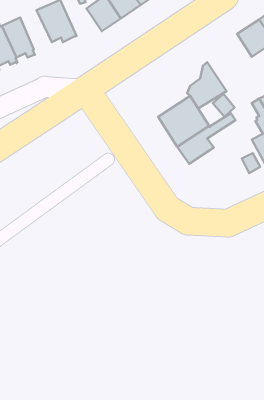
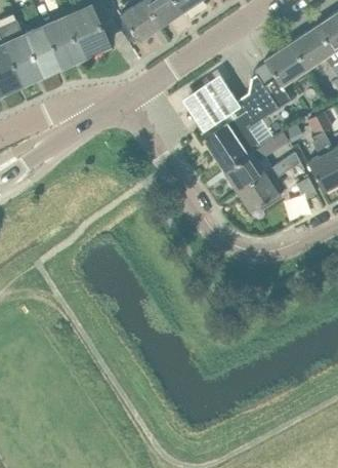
building: none -> [46,17,82,62]
building: none -> [254,44,307,109]
building: none -> [182,75,238,131]
building: none -> [237,153,301,211]

